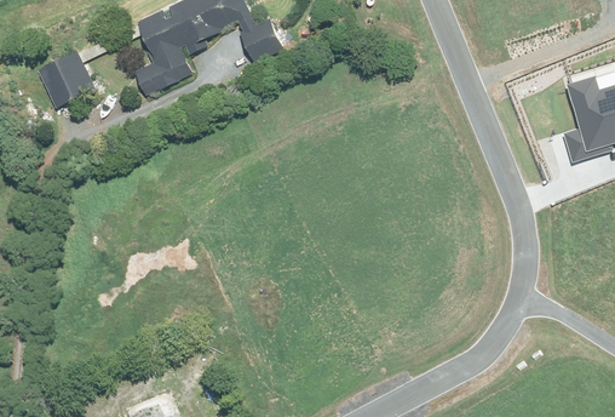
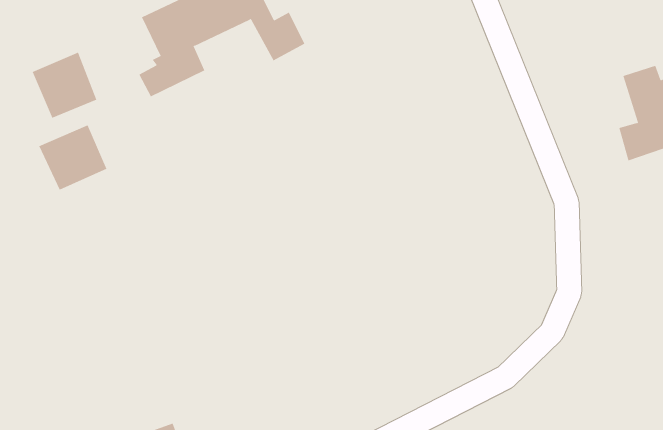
building: none -> [39,125,107,190]

